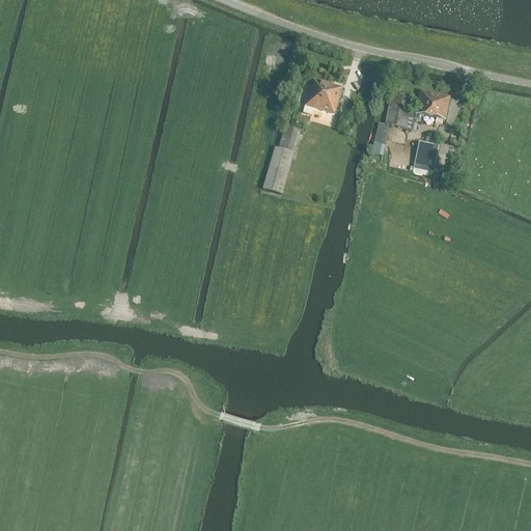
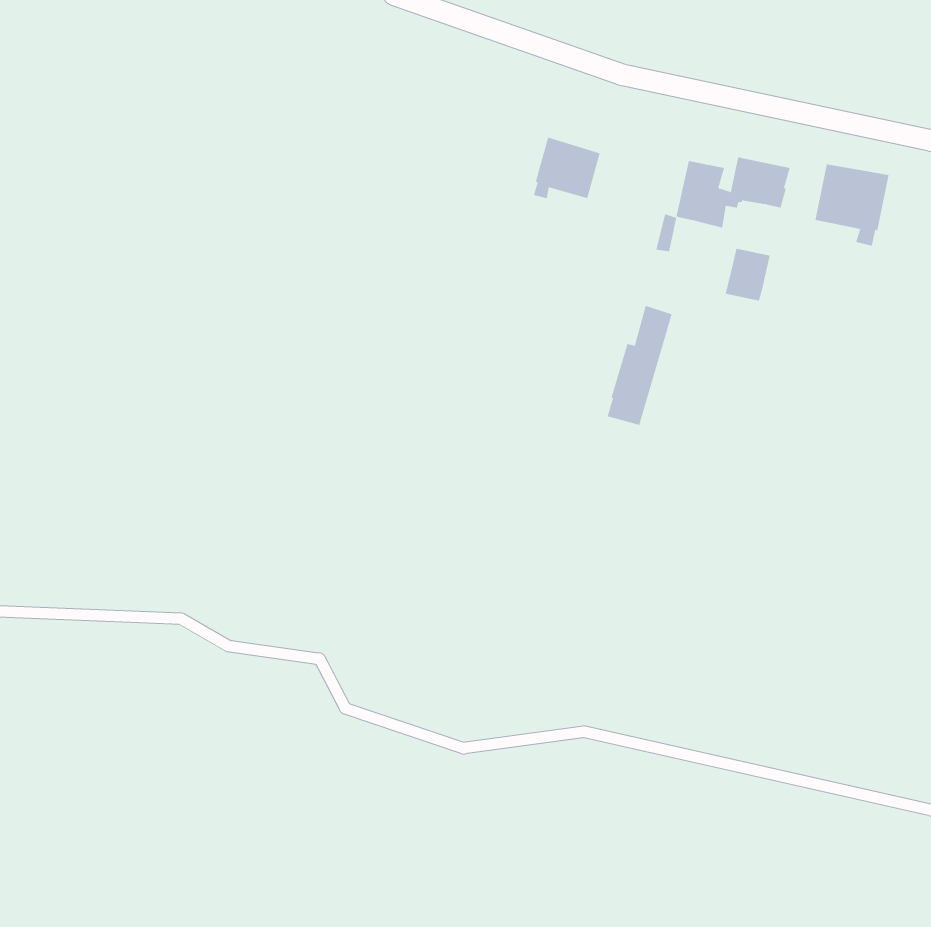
building: none -> [815,163,889,247]
building: [262,124,300,193] -> [607,305,673,426]

